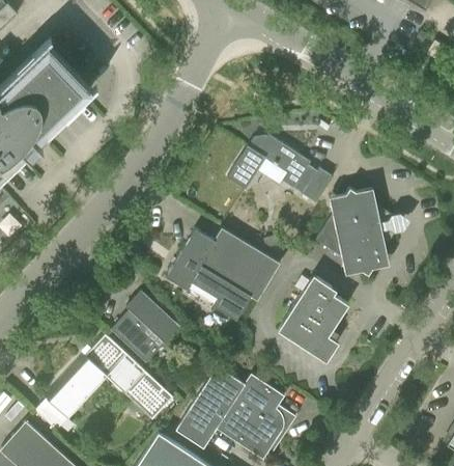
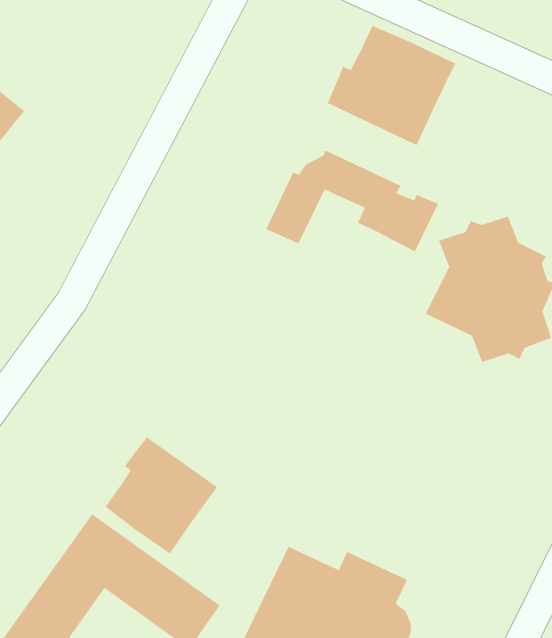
building: none -> [327,25,456,146]
building: [167,228,281,321] -> none
building: [281,279,349,360] -> none

